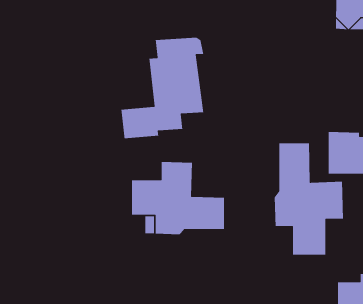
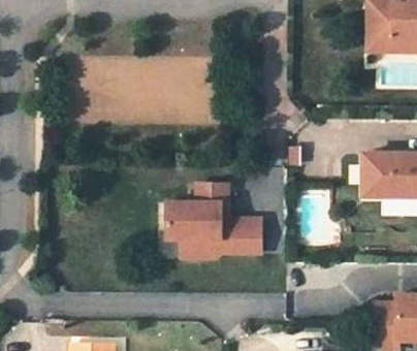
building: [121,37,204,139] -> none
building: [274,142,344,255] -> none

